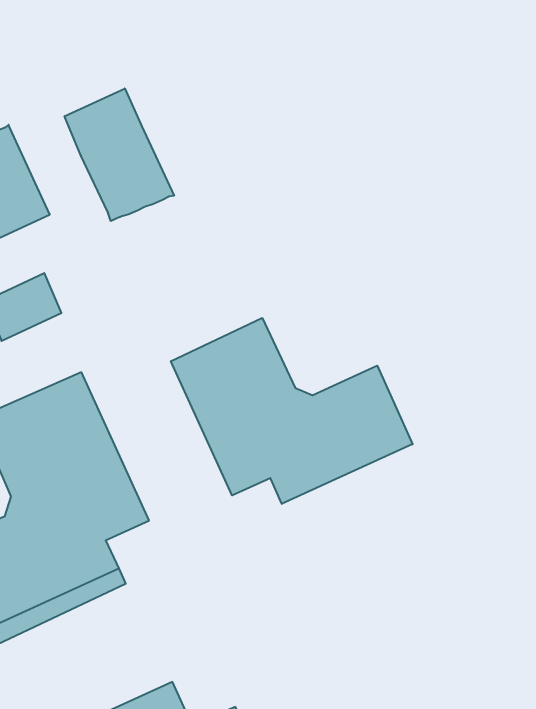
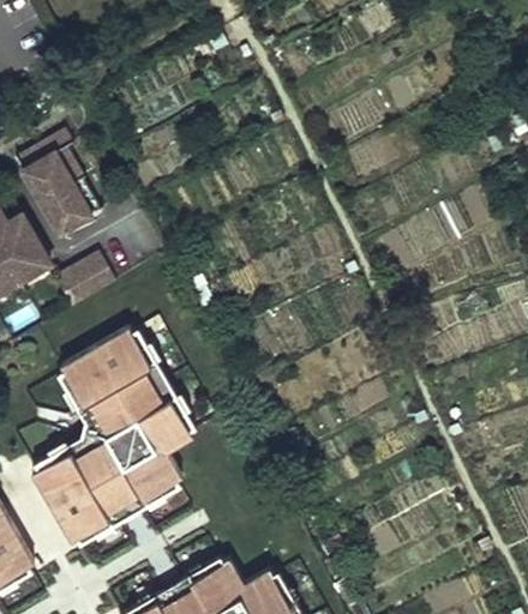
building: [65,88,174,221] -> none
building: [171,318,413,504] -> none

